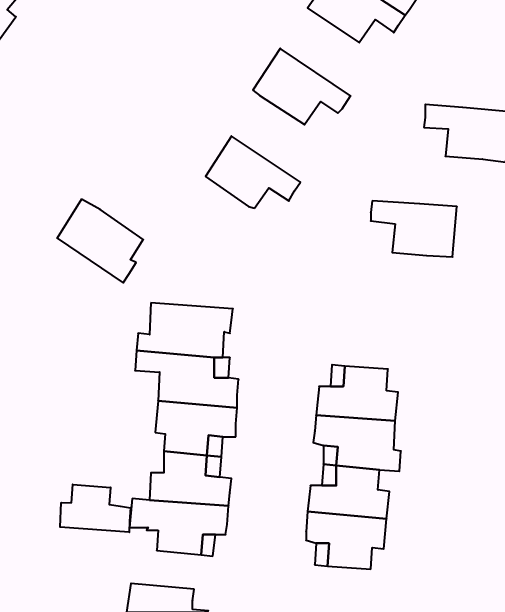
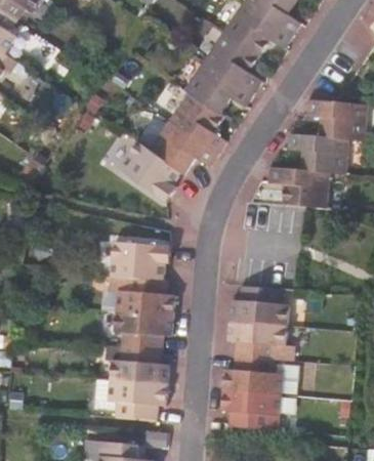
building: none -> [203,30,260,92]
building: none -> [168,92,225,154]
building: none -> [288,132,347,172]
building: [57,199,143,283] -> [119,142,180,202]
building: [60,484,130,532] -> none

